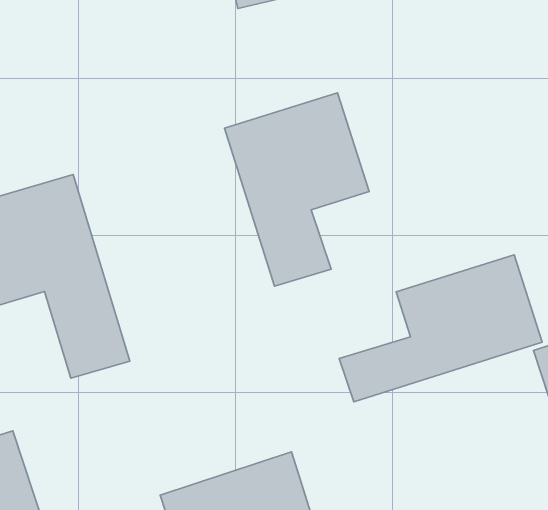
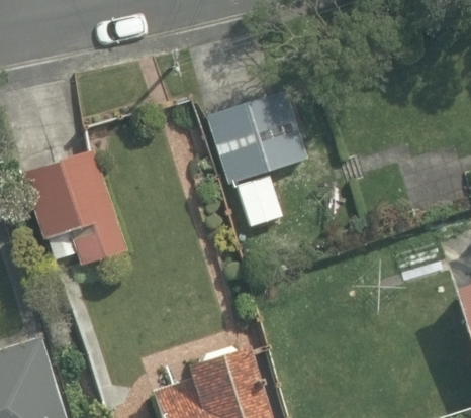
building: [339,255,542,402] -> none

